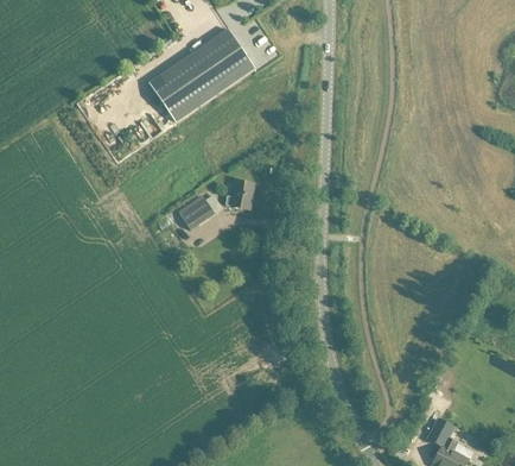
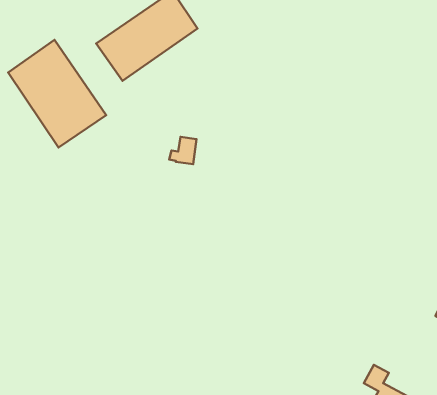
building: none -> [8,40,106,147]
building: [179,196,215,228] -> none

